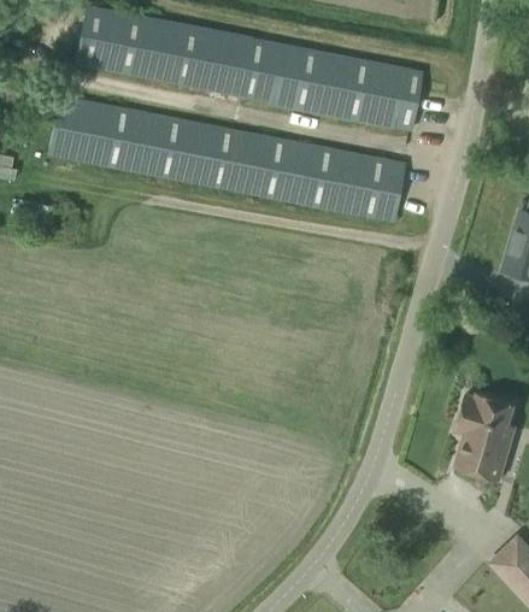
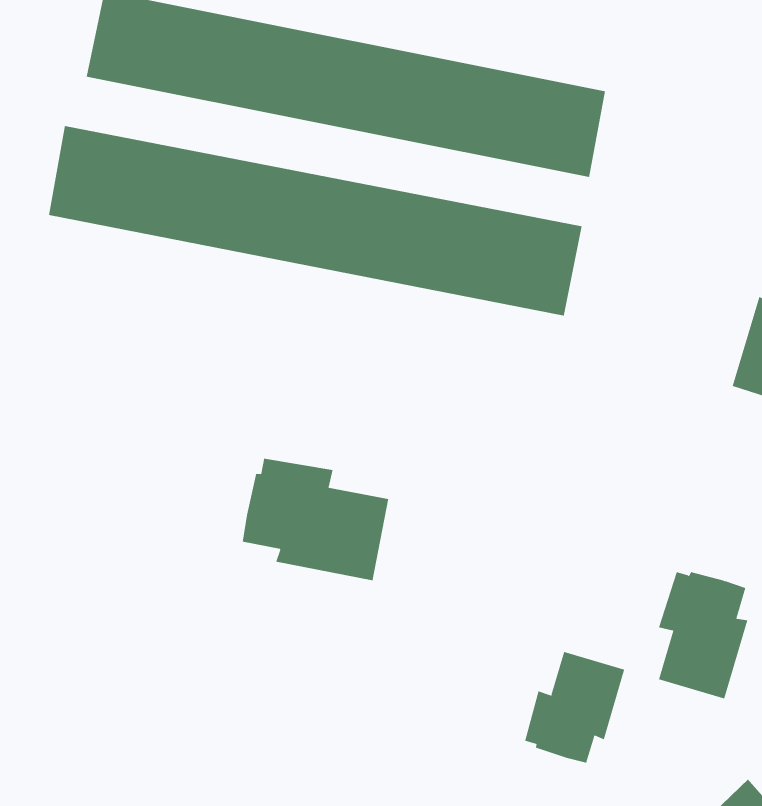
building: none -> [242,458,389,581]
building: none -> [524,651,625,764]

